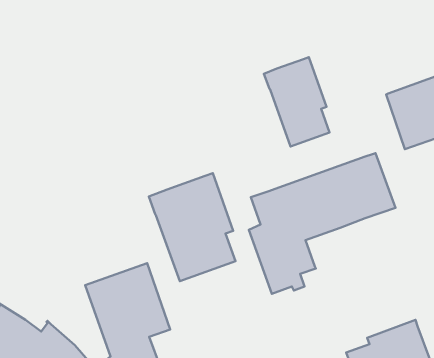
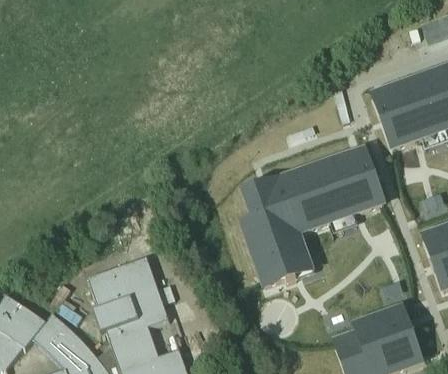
building: [264,57,330,146] -> none
building: [149,173,235,281] -> none

